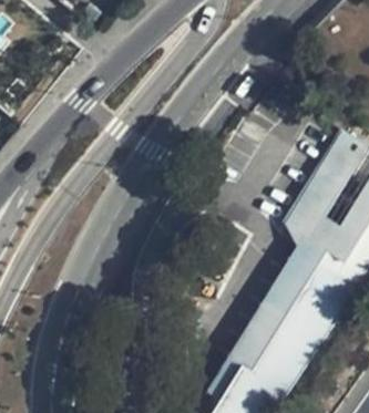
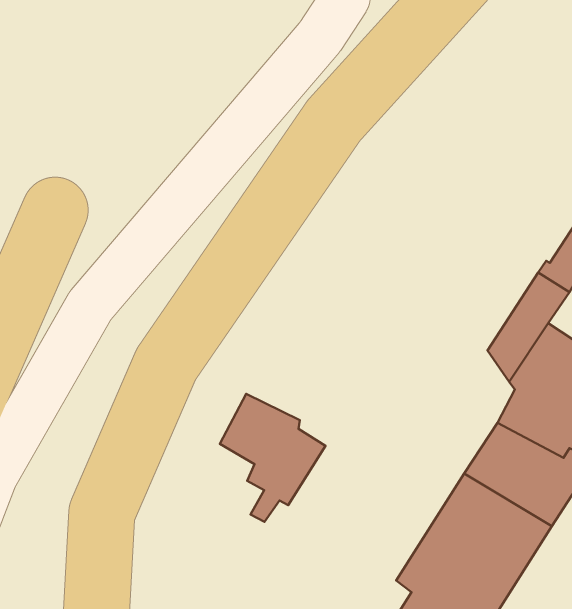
building: none -> [220,394,325,522]

